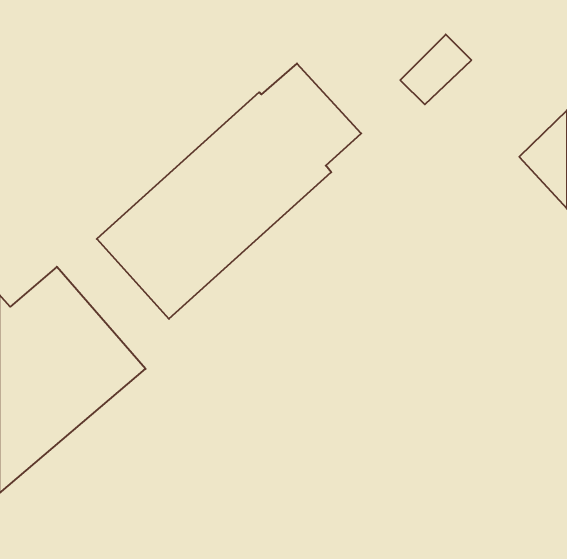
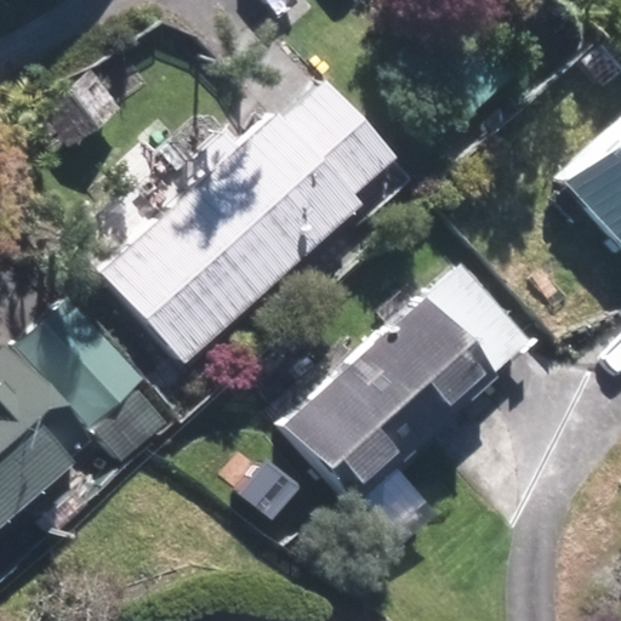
building: none -> [286,267,530,497]

